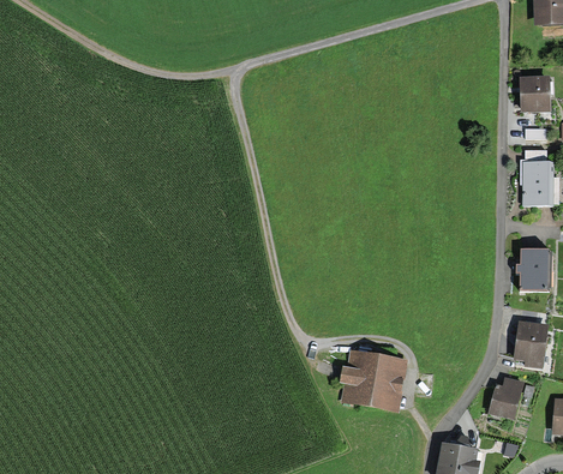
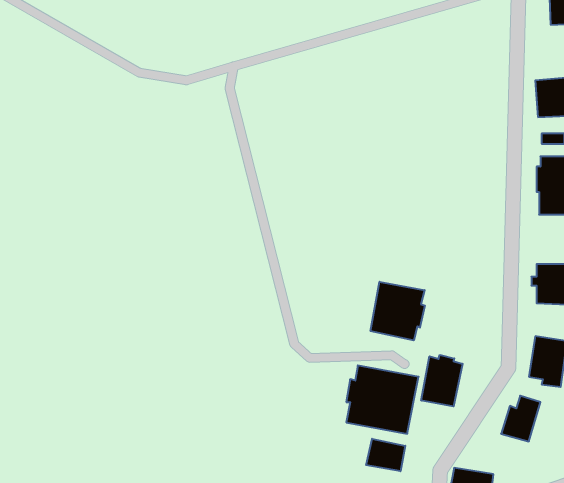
building: none -> [371,282,425,340]
building: none -> [421,355,463,406]
building: none -> [366,439,405,471]

